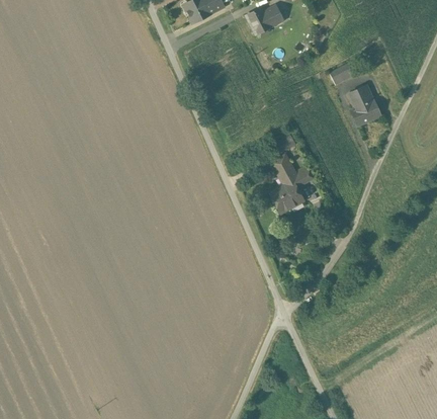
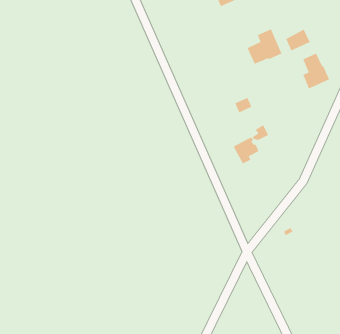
building: none -> [247,28,282,64]
building: [272,155,298,183] -> none

